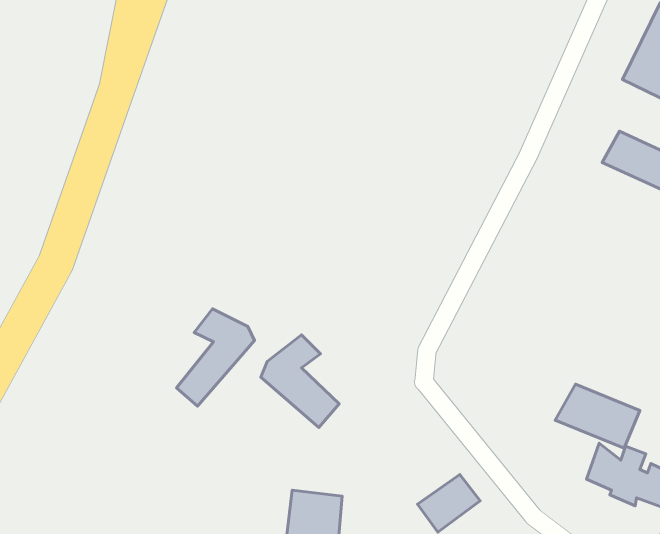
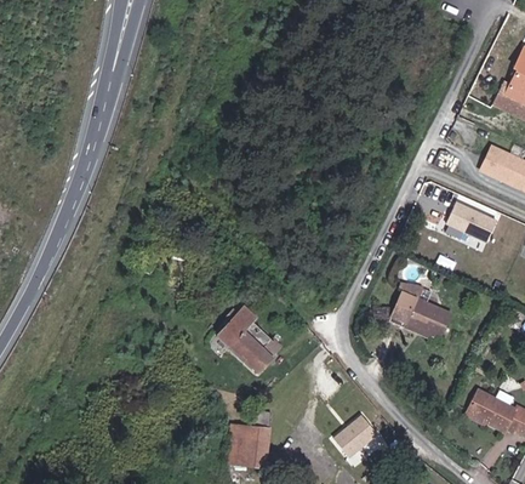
building: none -> [447,201,500,241]
building: [177,309,254,406] -> none
building: [555,384,640,448] -> [386,292,451,342]

